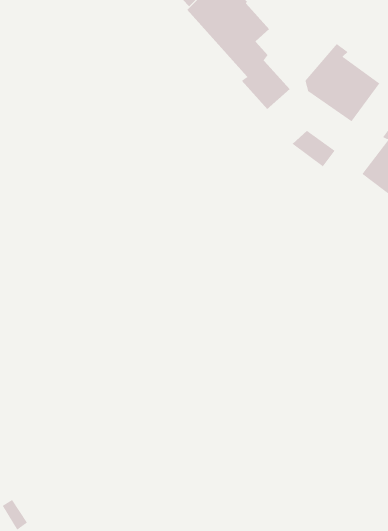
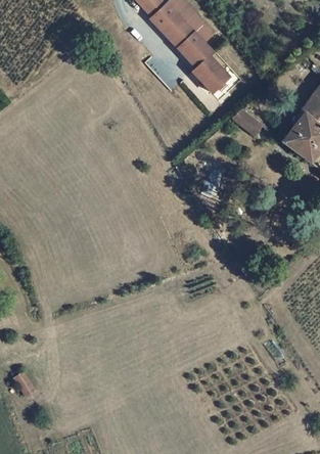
building: [305,43,380,122] -> none

